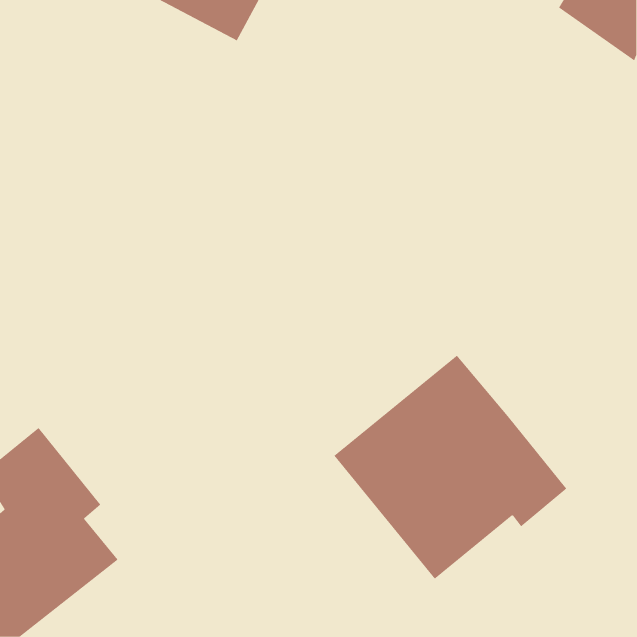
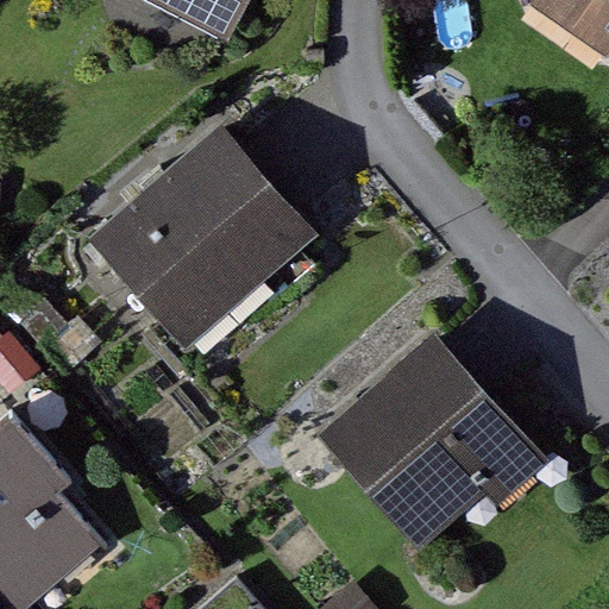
building: none -> [89,127,313,346]

